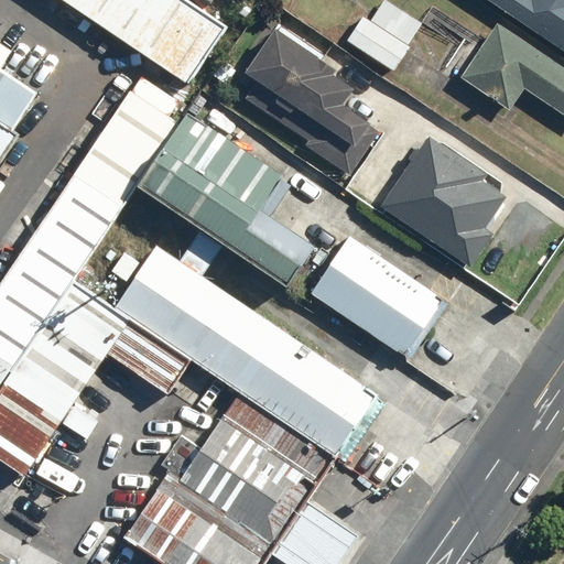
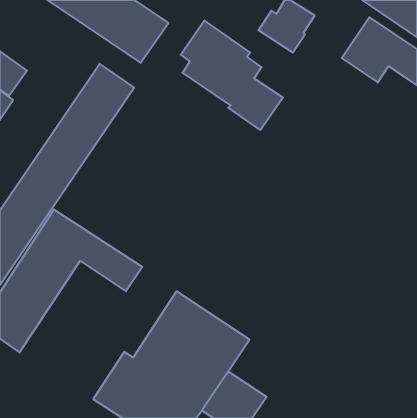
building: [137,112,314,289] -> none
building: [380,137,507,268] -> none
building: [312,236,444,356] -> none
building: [115,245,378,455] -> none

